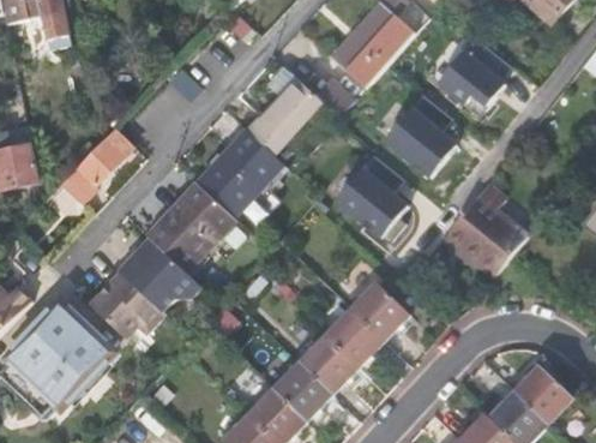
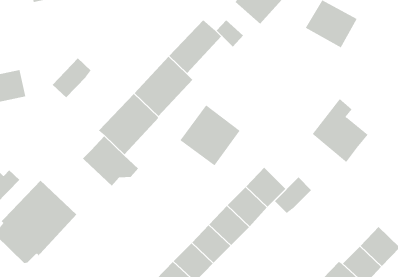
building: [383,90,458,178] -> none
building: [333,151,420,239] -> [179,104,240,166]
building: [90,274,164,339] -> none
building: none -> [274,177,312,214]

